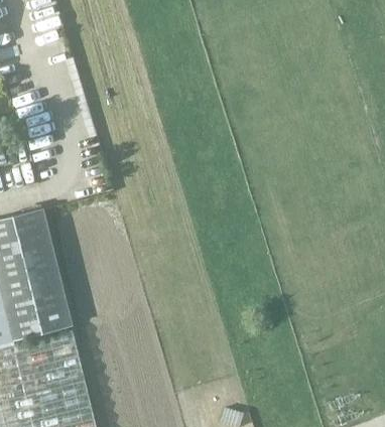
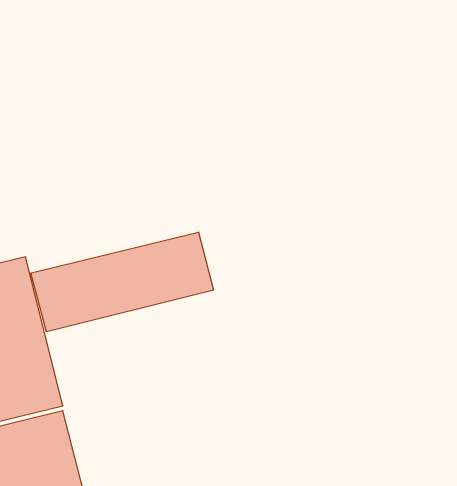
building: none -> [31,232,213,332]

